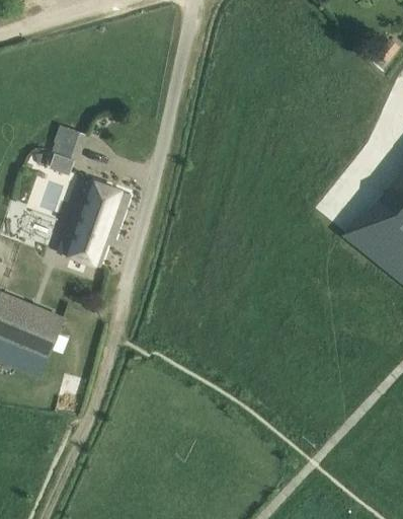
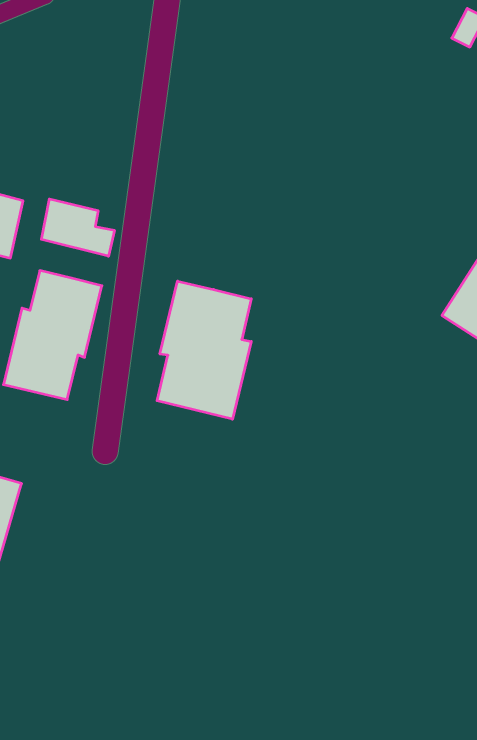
building: none -> [41,199,114,256]
building: none -> [157,281,251,419]

